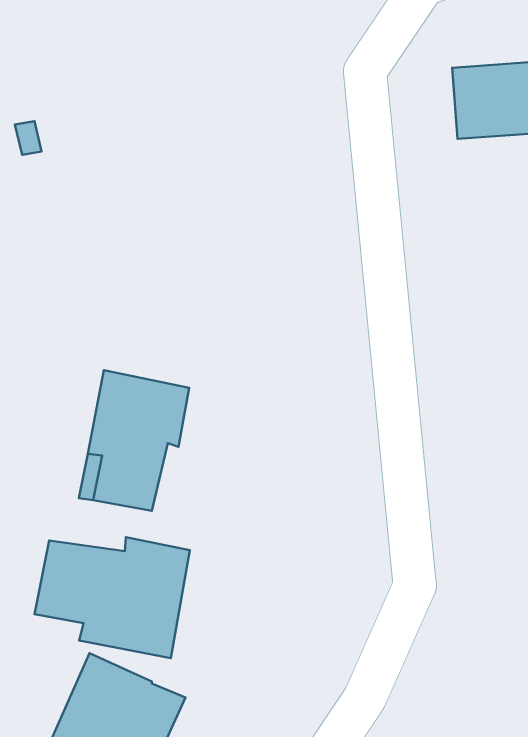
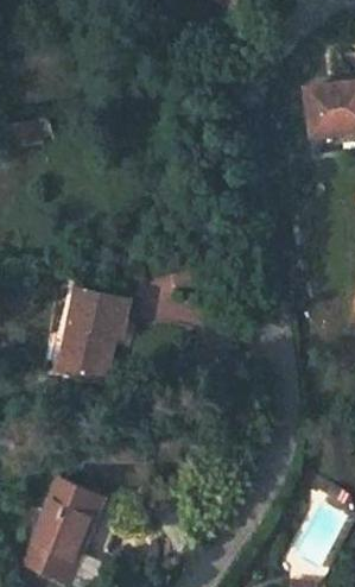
building: [35,537,190,658] -> none

